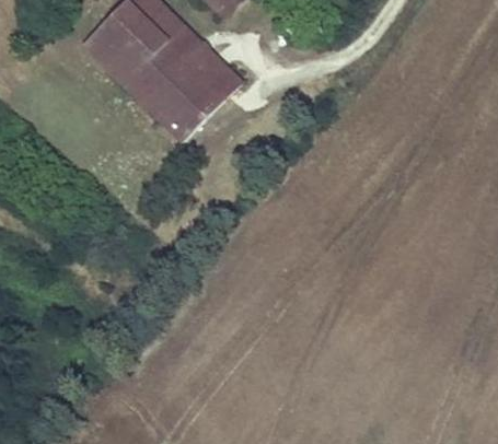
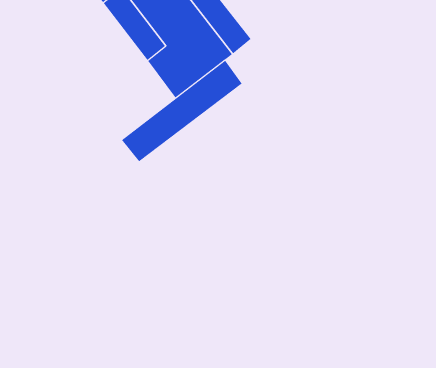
building: none -> [121,60,243,162]

